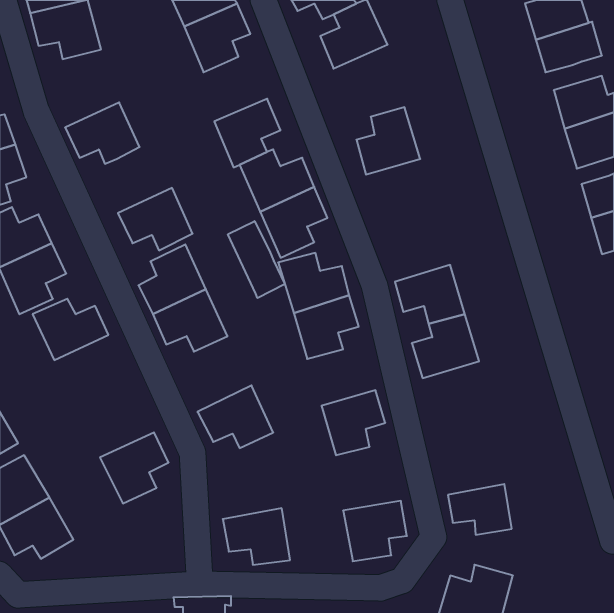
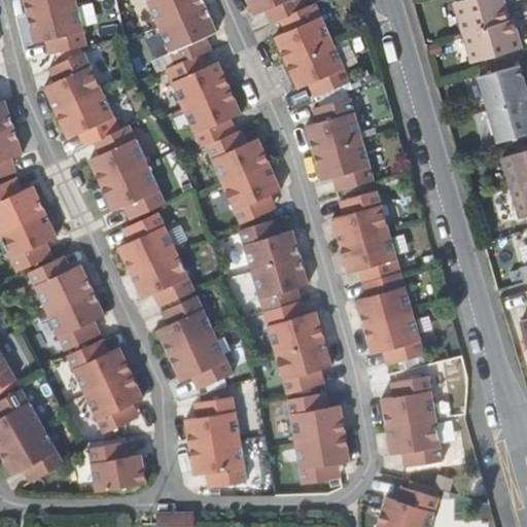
building: none -> [285,40,347,91]
building: none -> [43,50,102,111]
building: none -> [167,55,229,106]
building: none -> [89,124,147,184]
building: none -> [313,138,371,184]
building: none -> [329,187,385,243]
building: [228,221,285,298] -> none
building: none -> [46,288,105,349]
building: none -> [157,294,215,354]
building: none -> [262,301,321,349]
building: none -> [361,311,421,358]
building: none -> [67,341,132,393]
building: none -> [378,372,431,425]
building: none -> [286,390,343,438]
building: none -> [185,393,241,446]
building: none -> [90,442,147,490]

